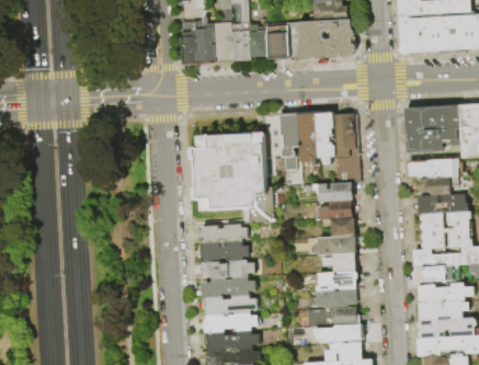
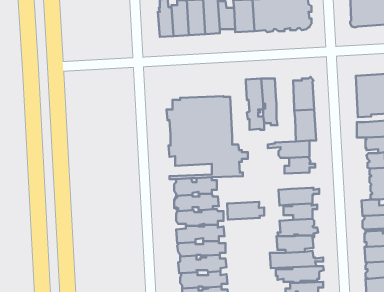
building: [313,111,337,164] -> none
building: [323,218,355,237] -> none
building: none -> [227,202,264,220]

